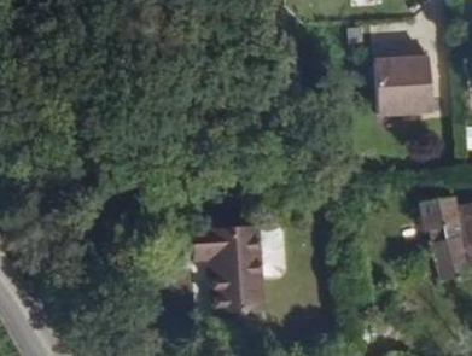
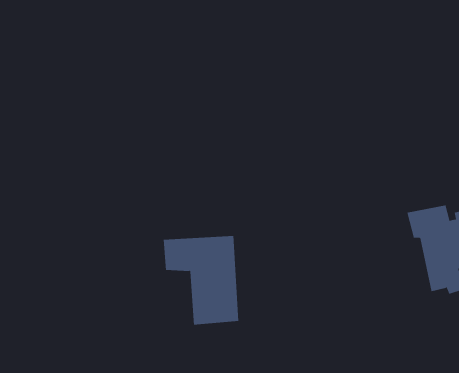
building: [374,56,433,119] -> none

